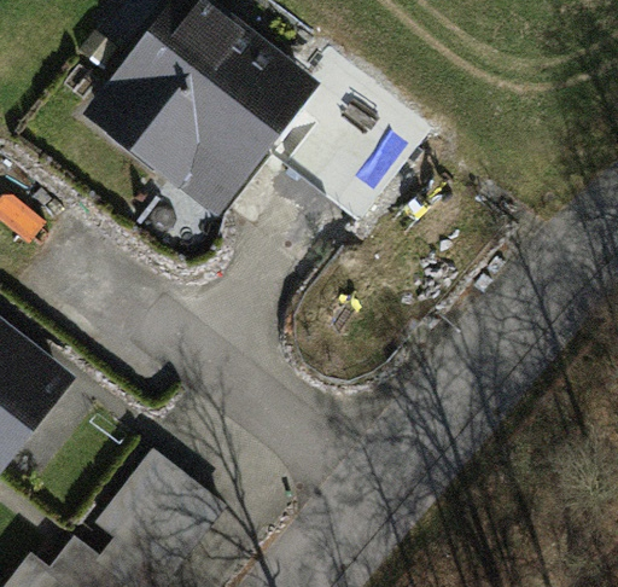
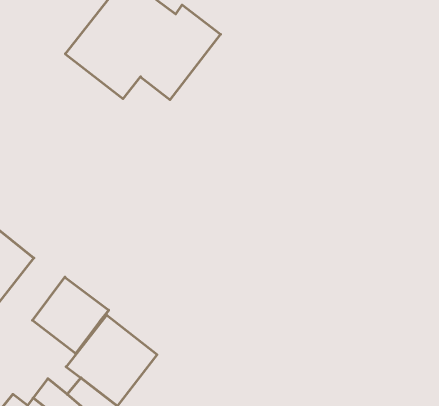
building: none -> [32,277,109,354]

